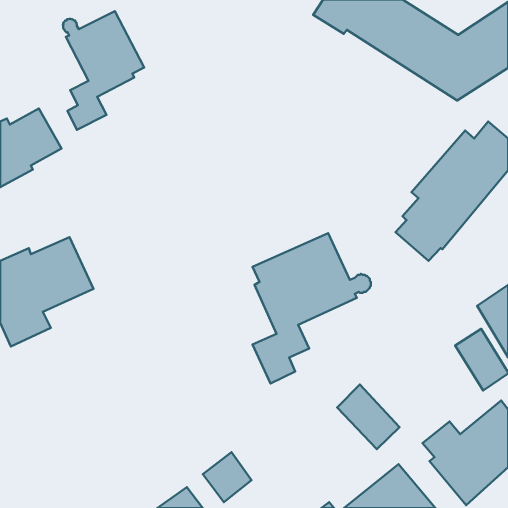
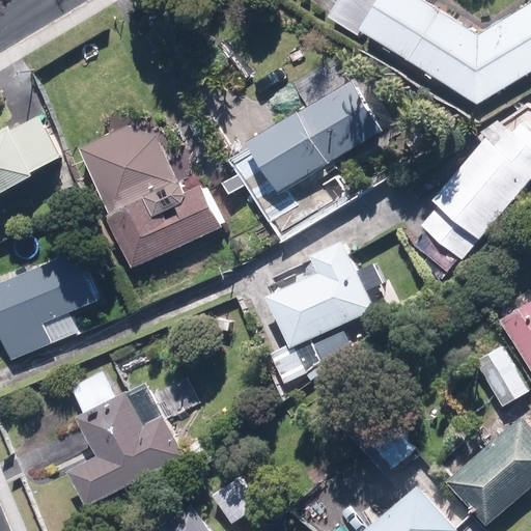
building: [63,11,144,130] -> none
building: none -> [232,87,375,222]
building: none -> [78,115,226,270]
building: none -> [68,369,185,506]

